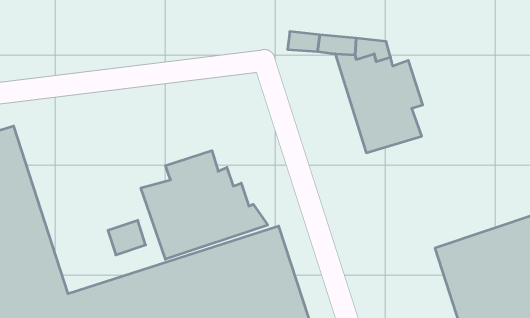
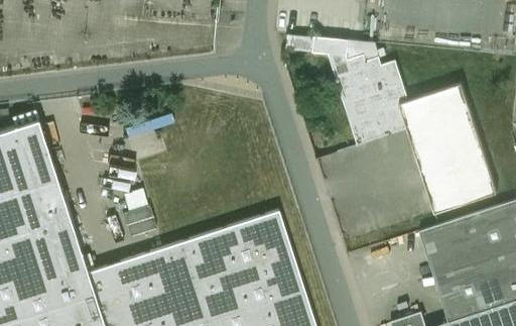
building: none -> [398,84,497,214]
building: [141,151,268,259] -> none

